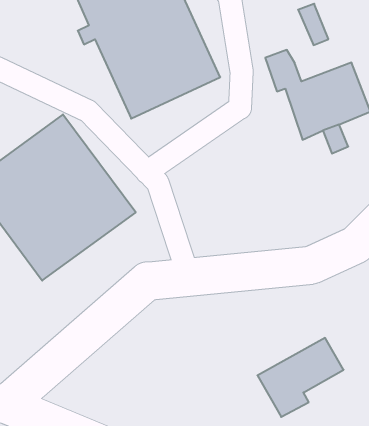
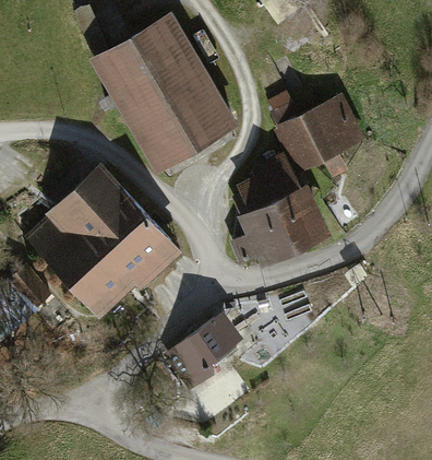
building: none -> [235,162,323,263]
building: [257,338,344,417] -> [169,315,241,386]

